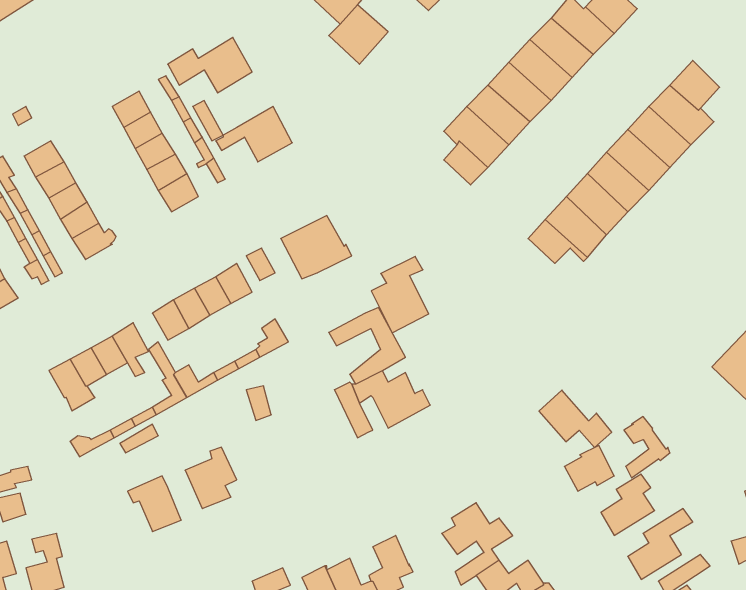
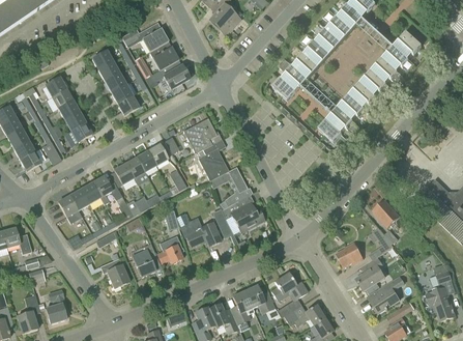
building: none -> [149,39,179,69]
building: [371,256,429,333] -> [198,139,229,180]
building: [539,390,612,448] -> [373,199,412,230]
building: none -> [180,217,221,246]
building: none -> [156,234,184,263]
building: none -> [245,285,274,313]

